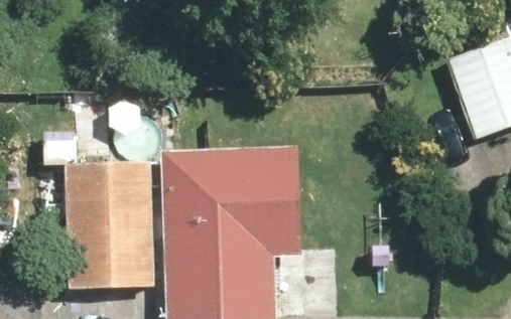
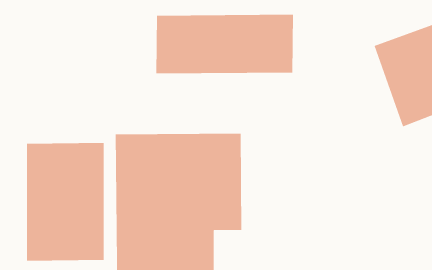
building: none -> [156,14,294,74]

